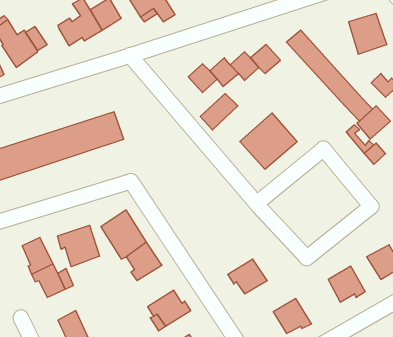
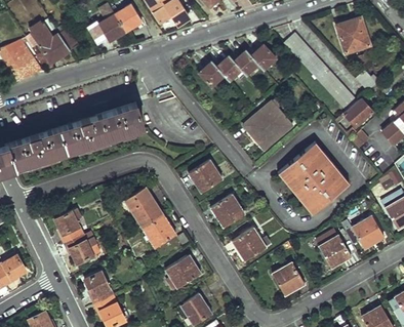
building: [200,94,238,130] -> none
building: none -> [278,142,350,213]
building: none -> [189,160,223,191]
building: none -> [211,195,245,226]
building: [57,225,99,267] -> none

